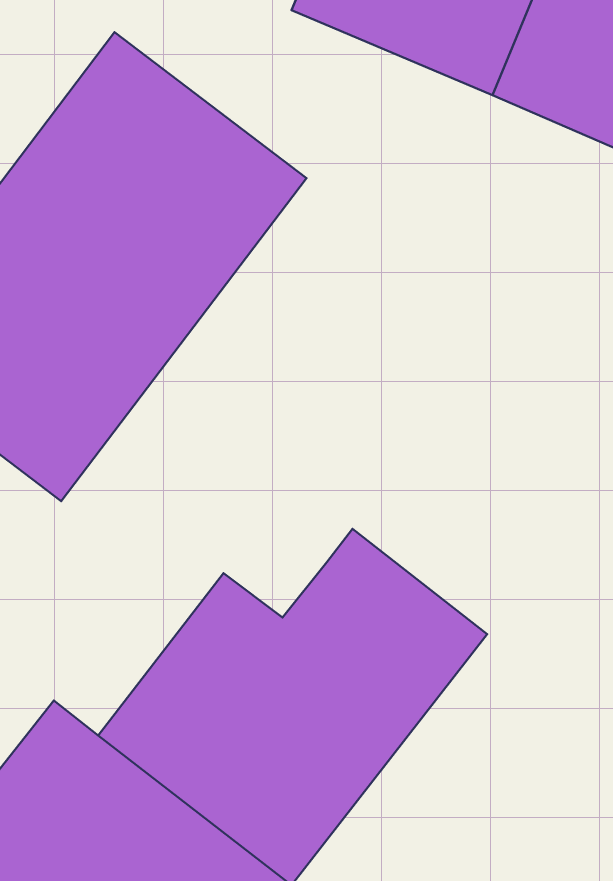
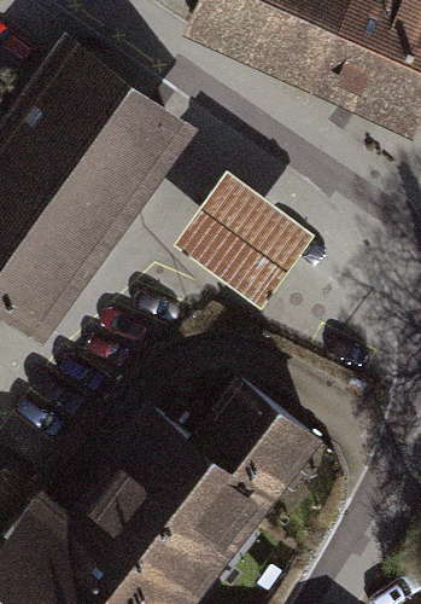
building: none -> [171,169,311,304]

